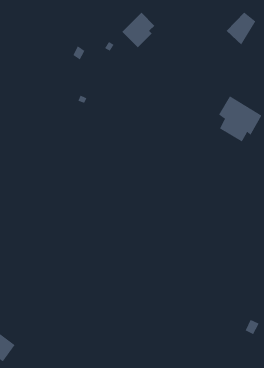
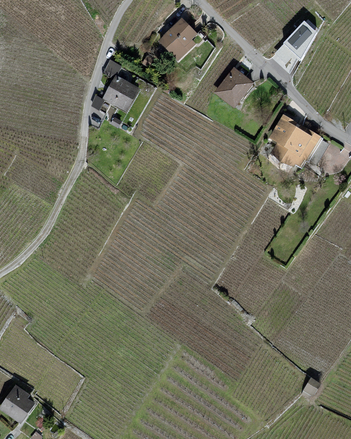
building: none -> [214,67,255,109]
building: none -> [100,74,136,110]

